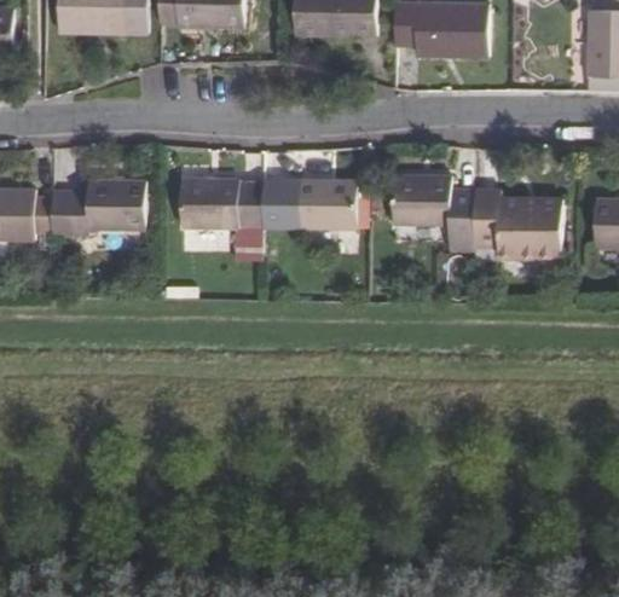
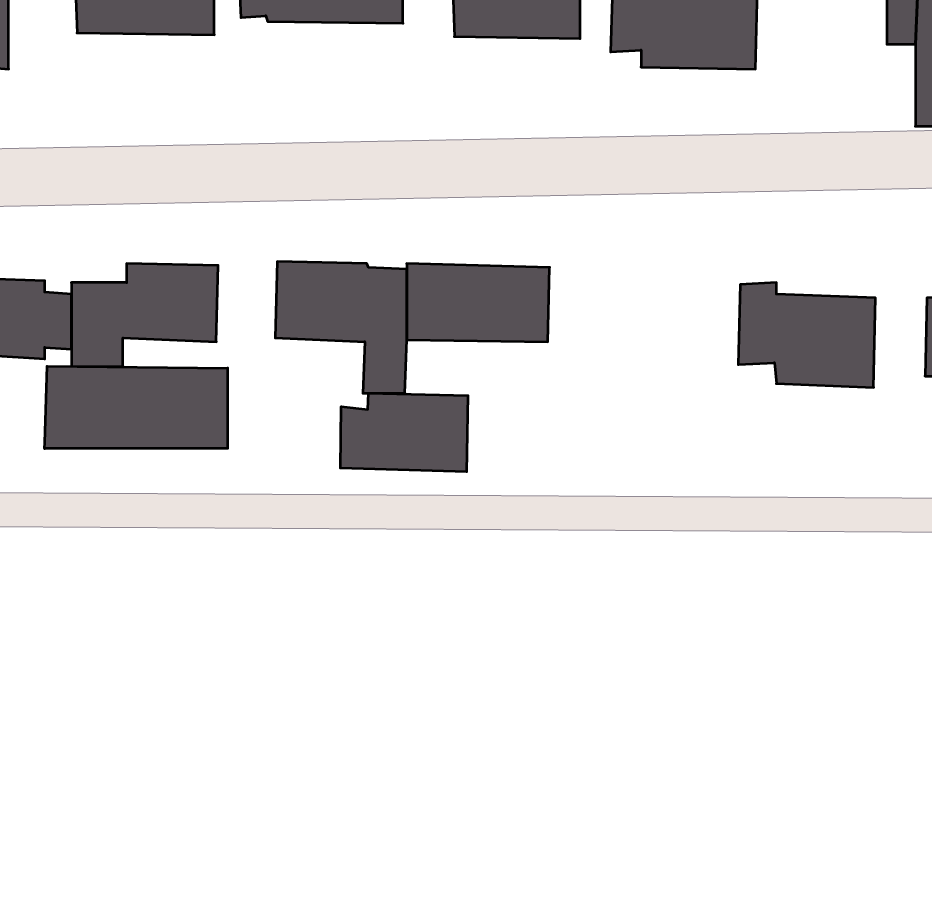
building: [394,175,476,253] -> none
building: none -> [45,366,228,449]
building: none -> [340,393,468,472]

